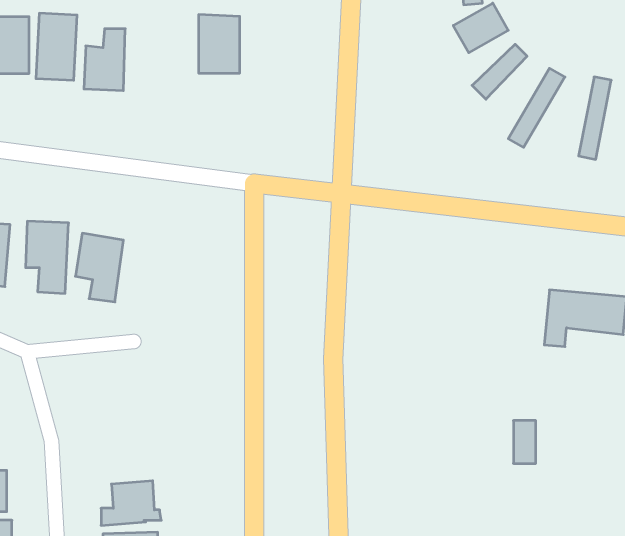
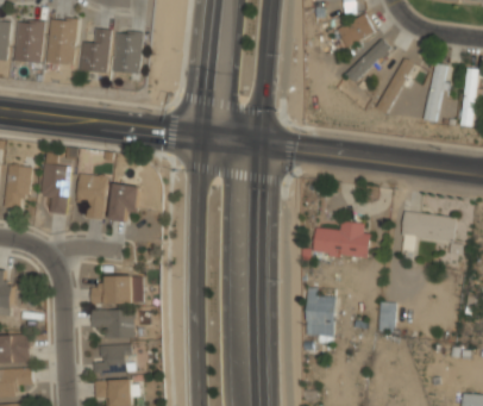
building: [199,15,240,73] -> [114,32,143,73]
building: none -> [111,183,139,220]
building: none -> [313,220,369,257]
building: none -> [90,275,132,304]
building: none -> [305,287,334,342]
building: none -> [90,308,134,337]

